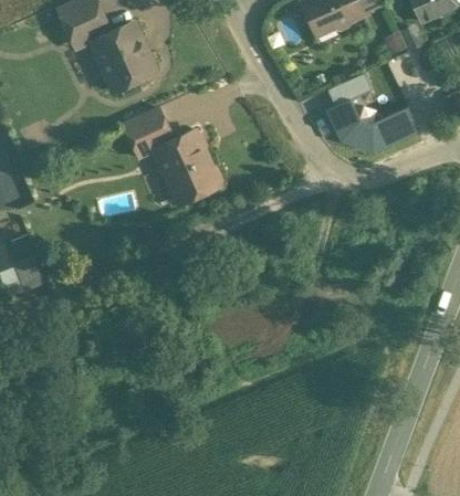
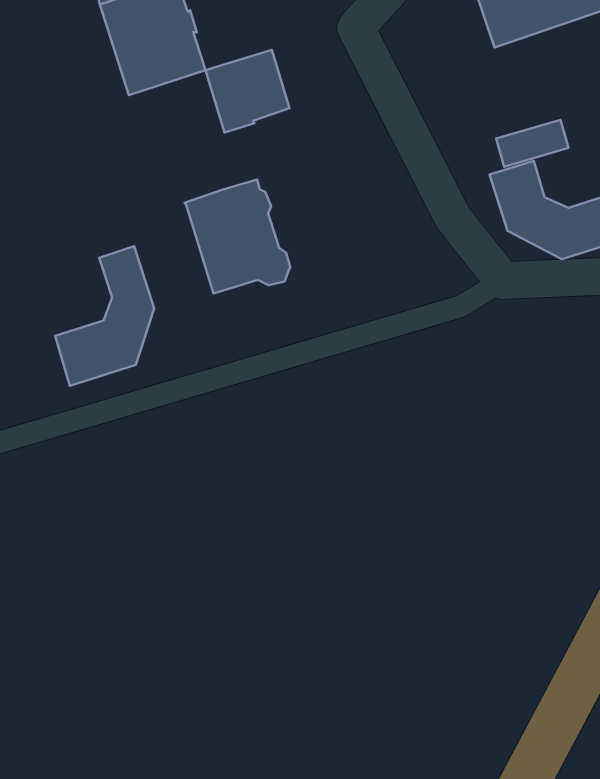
building: [123,107,174,158] -> [205,50,289,133]
building: none -> [55,246,154,386]

